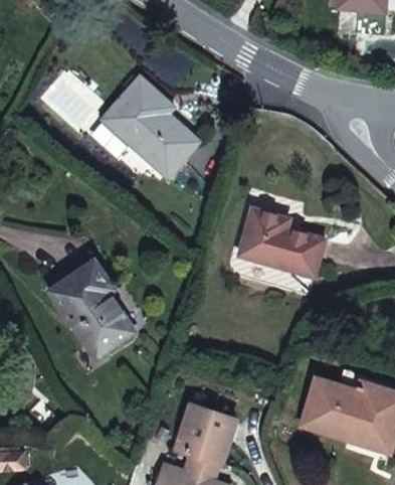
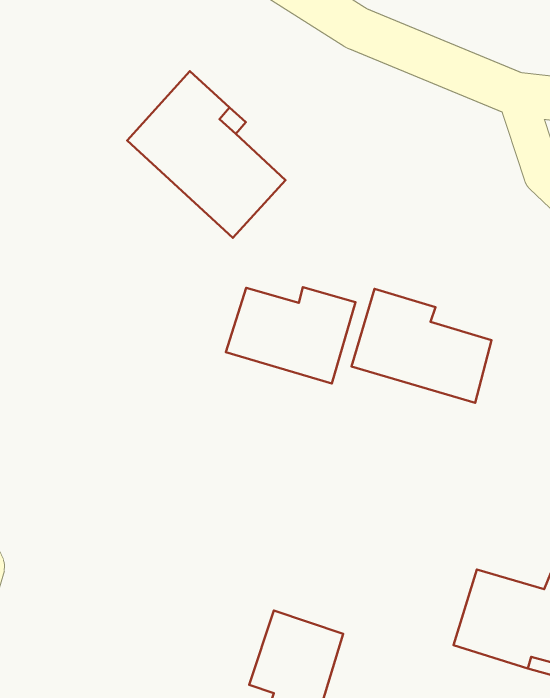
building: none -> [226,287,355,383]
building: [50,261,136,358] -> none

